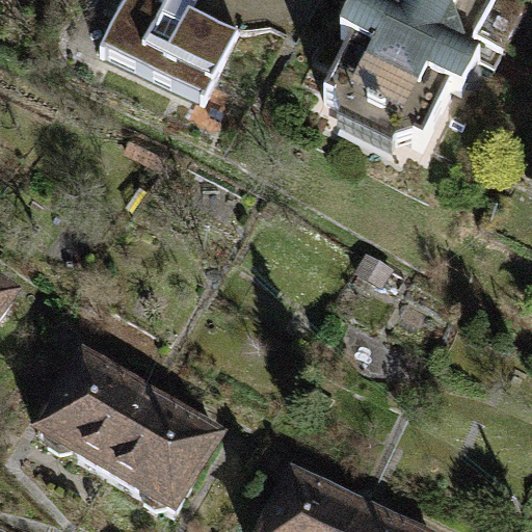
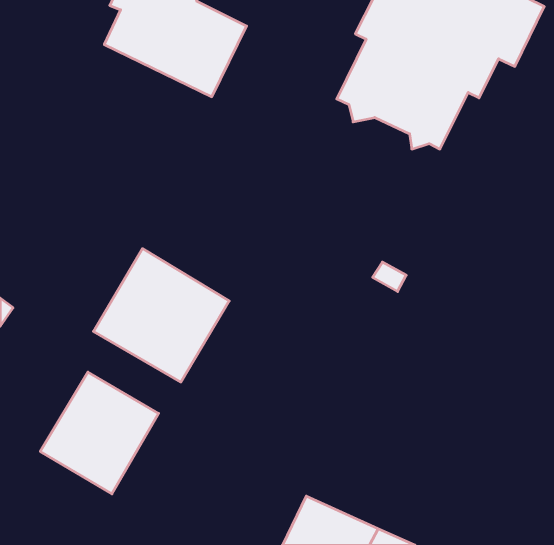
building: none -> [93,249,229,382]
building: [108,395,220,511] -> none

